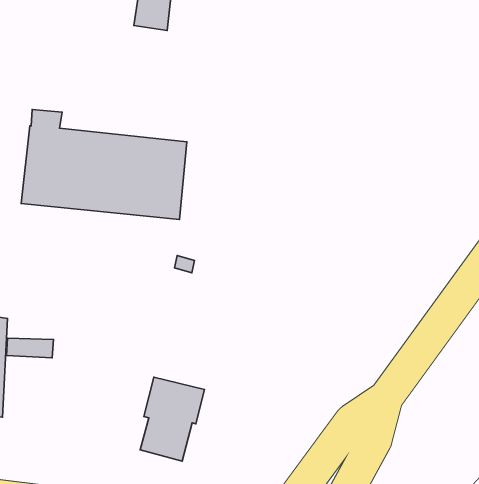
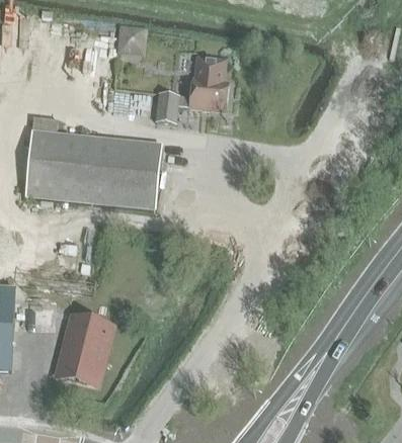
building: none -> [154,57,227,123]
building: [140,377,205,461] -> [59,318,111,386]

